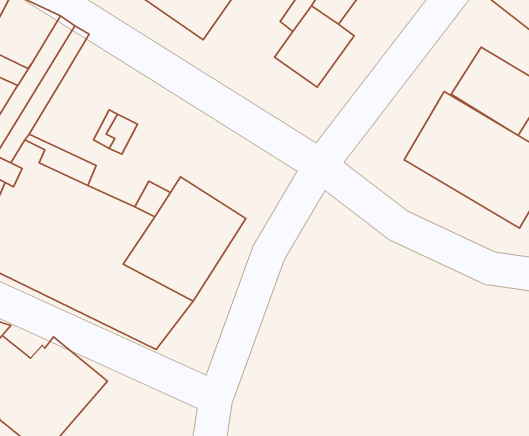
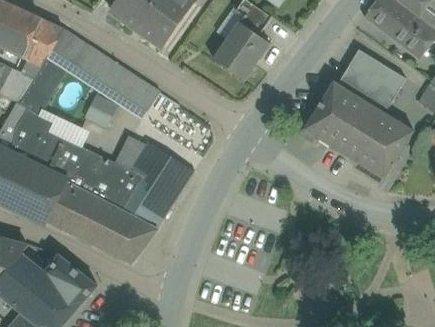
building: none -> [67,41,159,117]

